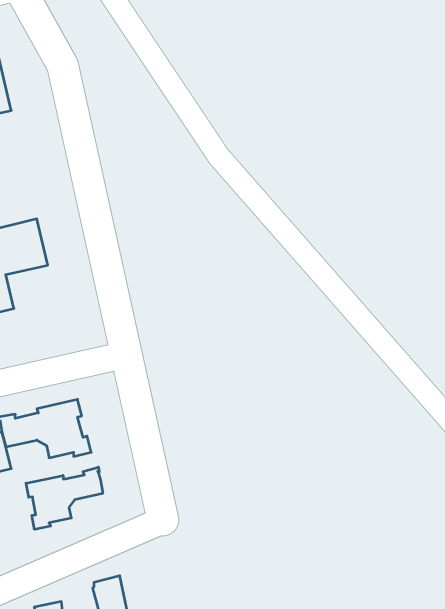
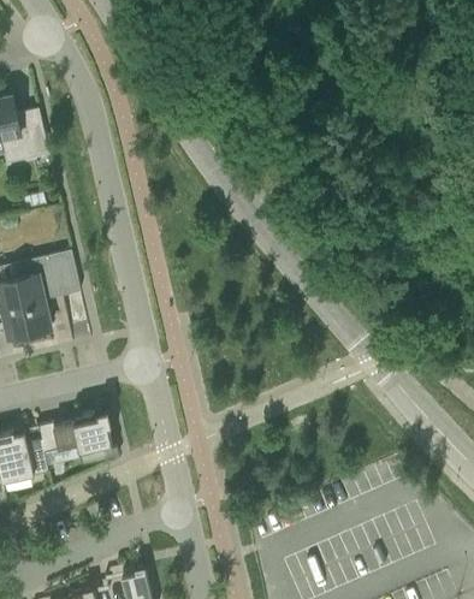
building: [26,467,103,529] -> none

